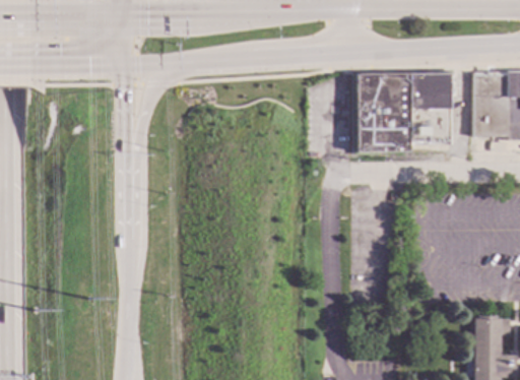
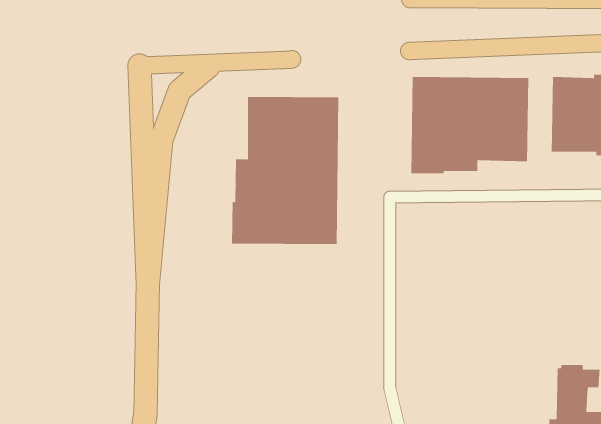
building: none -> [231,96,339,245]

